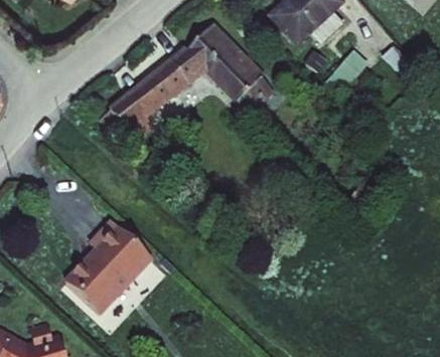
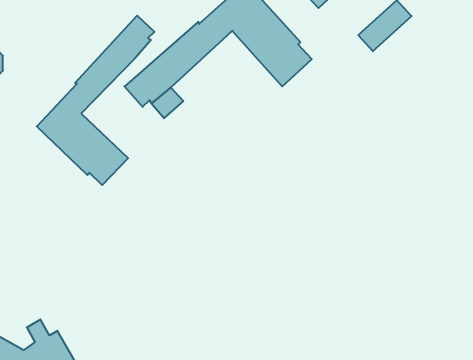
building: none -> [37,16,154,185]
building: [69,218,155,311] -> none

